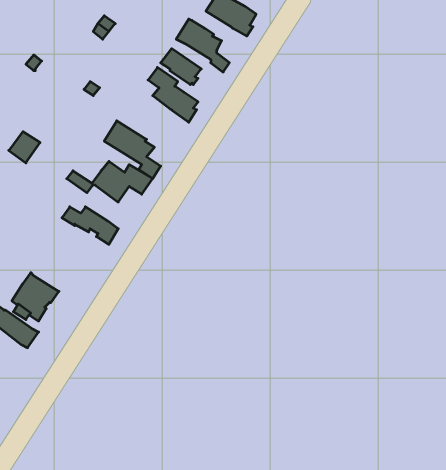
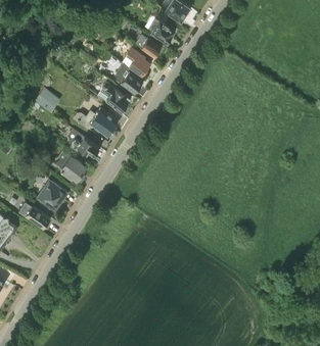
building: none -> [113,64,147,98]
building: none -> [58,155,85,182]

